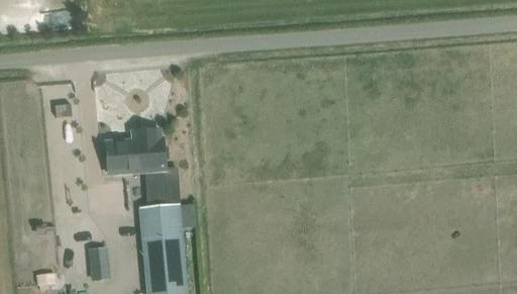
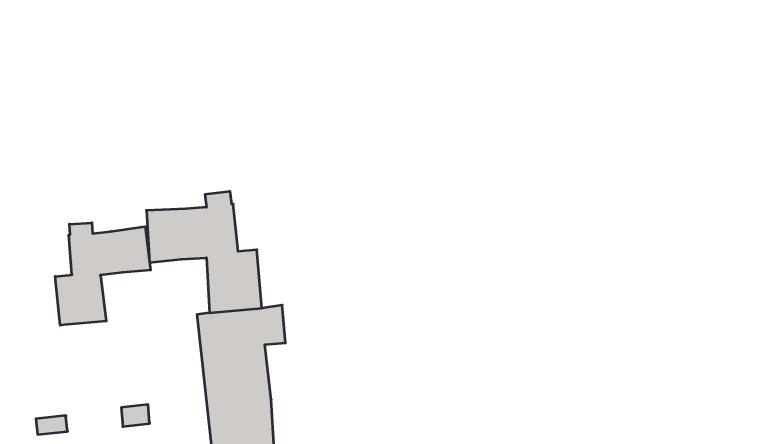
building: none -> [55,223,151,325]

